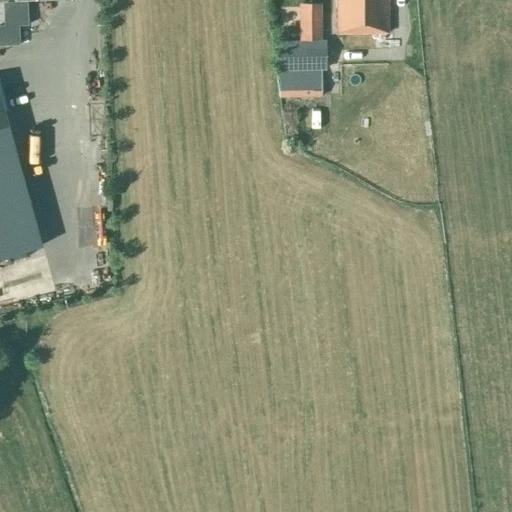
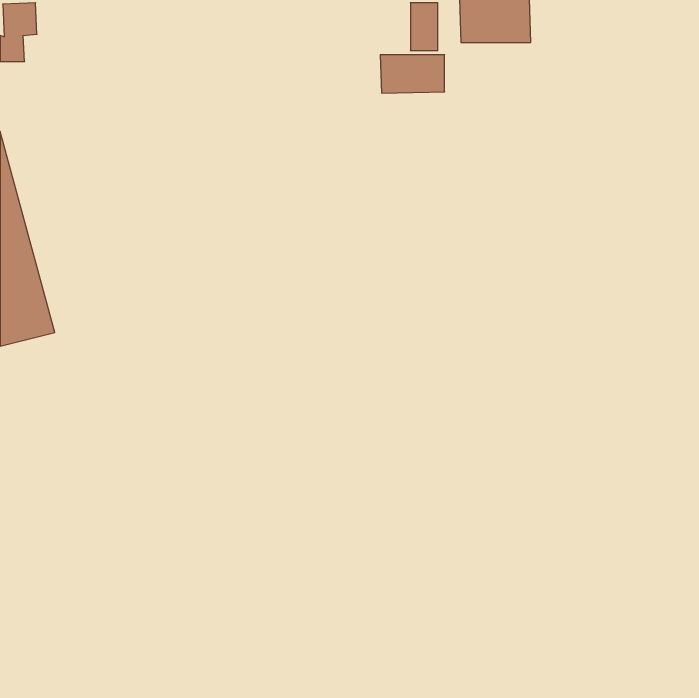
building: [279,70,320,95] -> none

